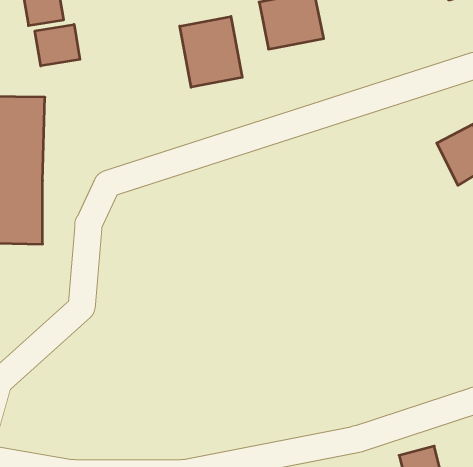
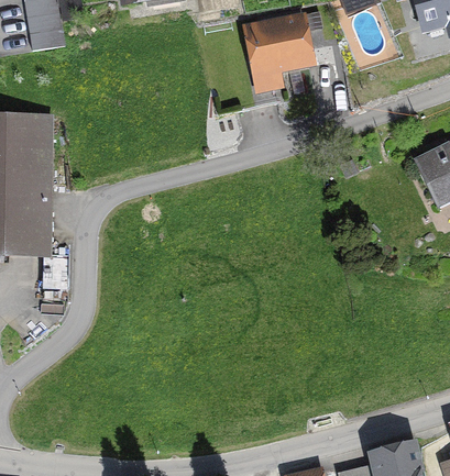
building: [180,16,242,87] -> none
building: [35,24,80,66] -> none

